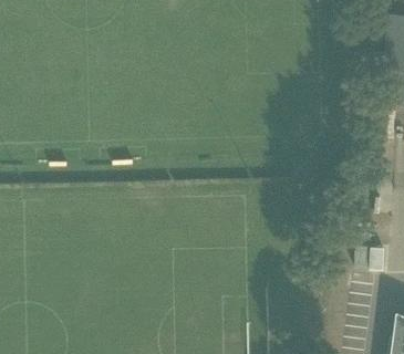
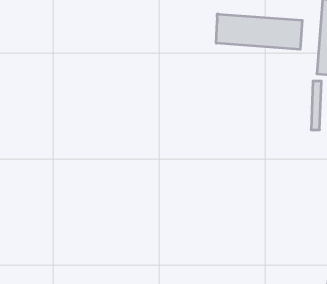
building: none -> [216,14,302,49]

